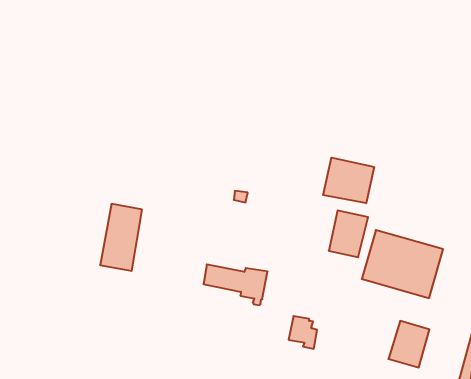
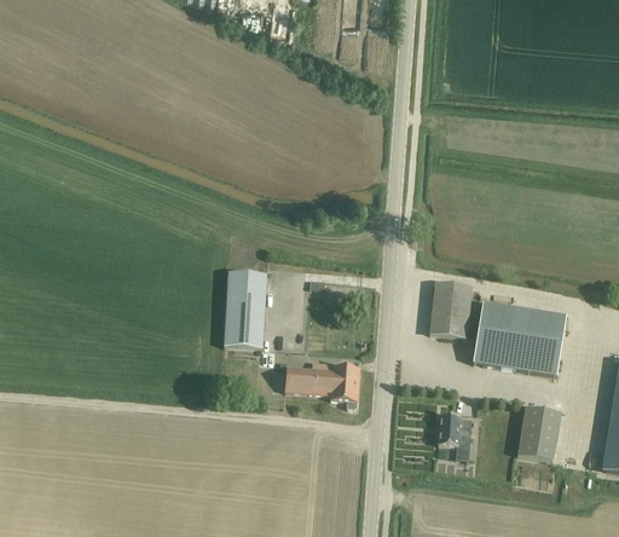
building: [323,158,374,203] -> none
building: [100,204,142,271] -> [224,272,266,350]
building: [289,316,317,349] -> [438,416,470,452]

